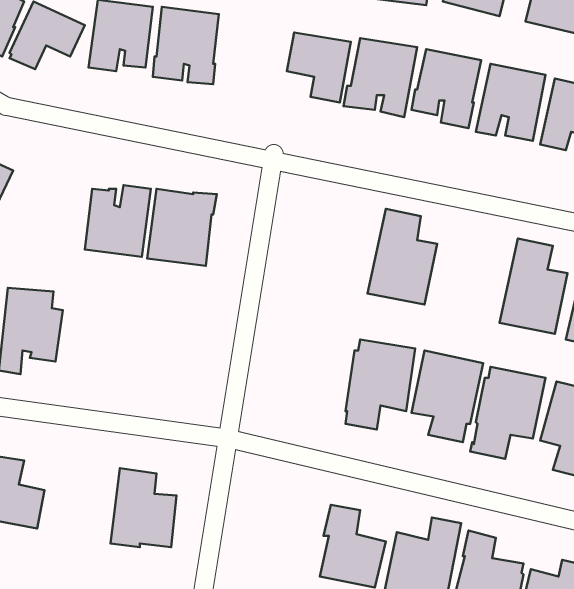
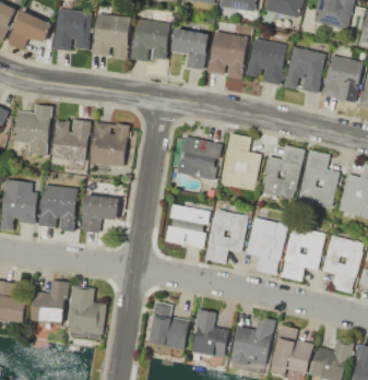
building: none -> [131,20,169,60]
building: none -> [14,104,51,156]
building: none -> [177,135,223,180]
building: none -> [261,145,305,199]
building: none -> [40,185,78,230]
building: none -> [81,194,120,233]
building: none -> [165,204,209,248]
building: none -> [29,280,69,325]
building: none -> [149,301,190,351]

